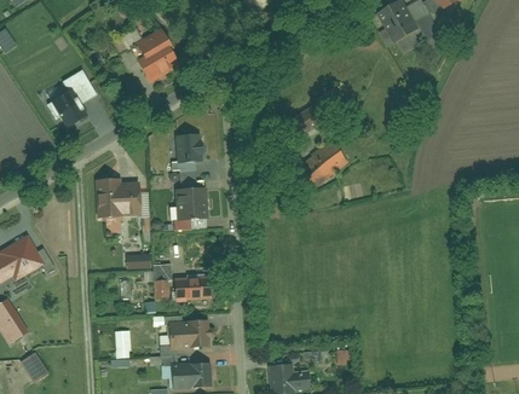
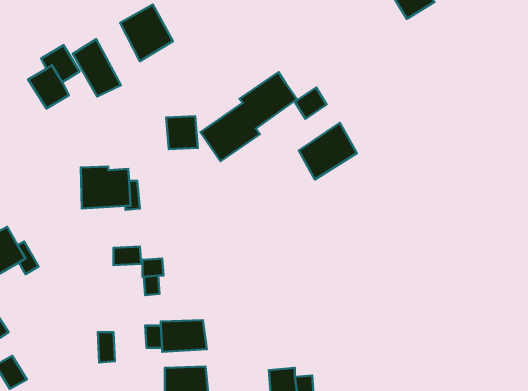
building: none -> [73,39,121,97]
building: none -> [201,72,297,161]
building: [175,187,209,221] -> none
building: [175,277,212,300] -> none

